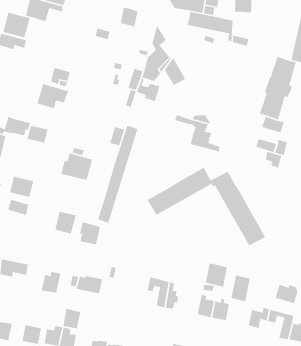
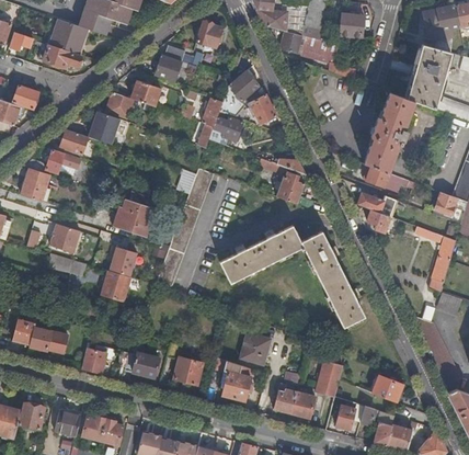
building: none -> [156,55,182,81]
building: none -> [131,79,161,105]
building: [26,125,48,143] -> [60,129,89,153]
building: [79,221,101,245] -> [111,246,138,276]
building: [205,263,228,287] -> [241,332,271,364]
building: none -> [174,357,203,385]
building: [62,308,81,329] -> none

